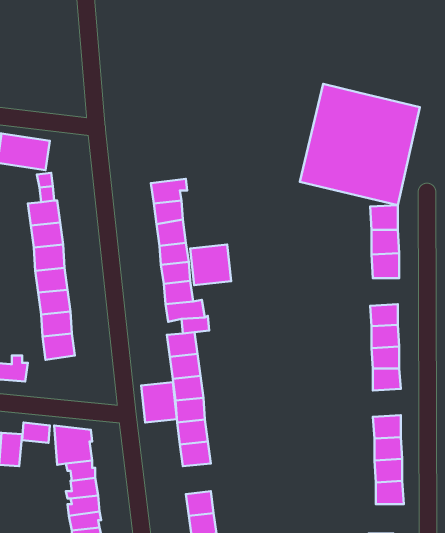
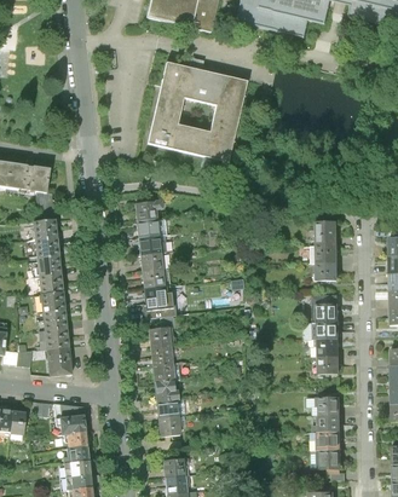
building: [300,84,420,205] -> [146,62,246,162]
building: [190,245,231,285] -> none
building: none -> [46,345,74,375]
building: [141,382,177,423] -> none

